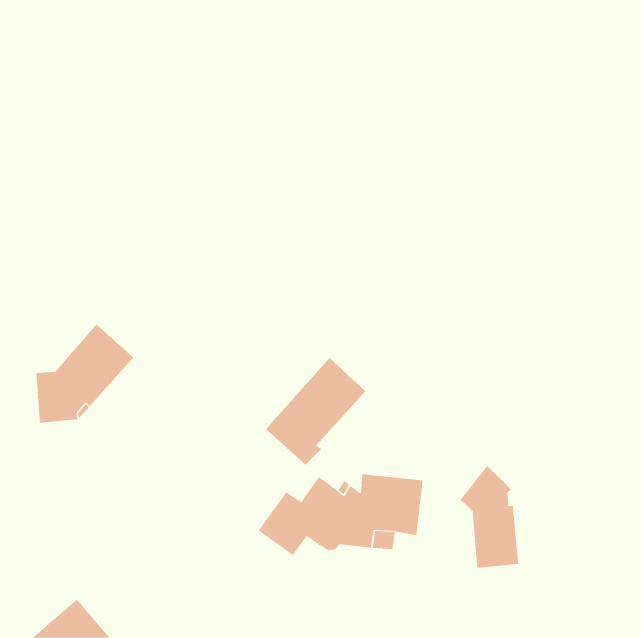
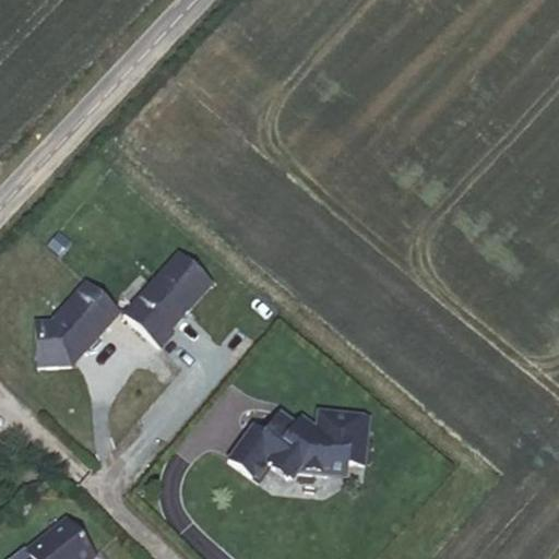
building: [265,357,366,466] -> [124,251,212,345]
building: [460,465,519,569] -> none

